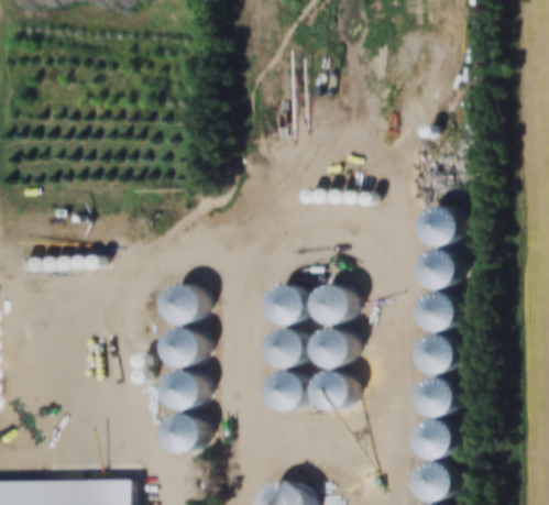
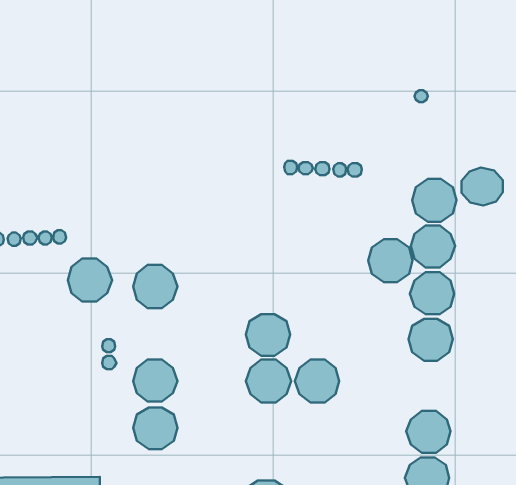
building: none -> [461,168,503,205]
building: [310,286,351,326] -> [368,239,413,282]
building: [264,288,305,327] -> none
building: [161,329,201,369] -> [68,259,112,302]
building: [310,330,351,370] -> none
building: [413,377,454,416] -> none

